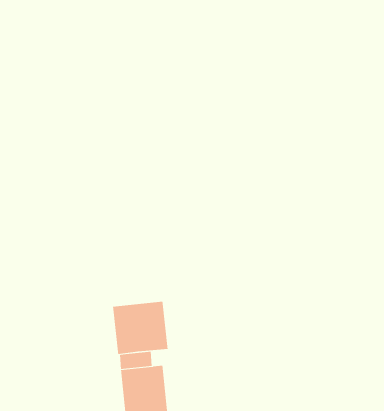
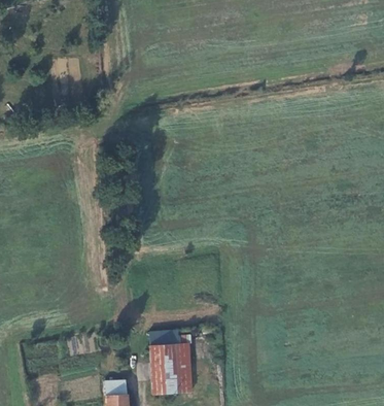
building: [113,301,168,355] -> none

